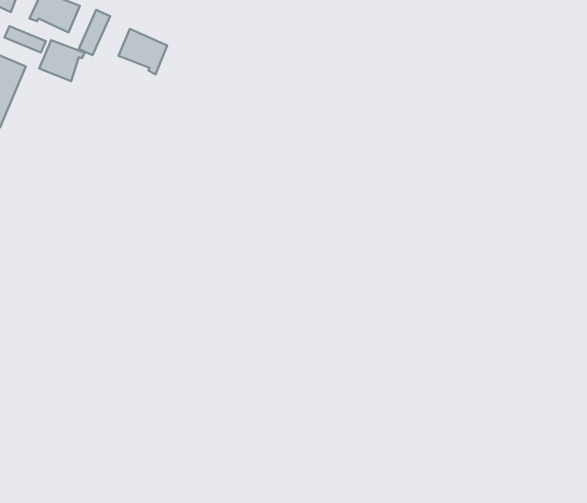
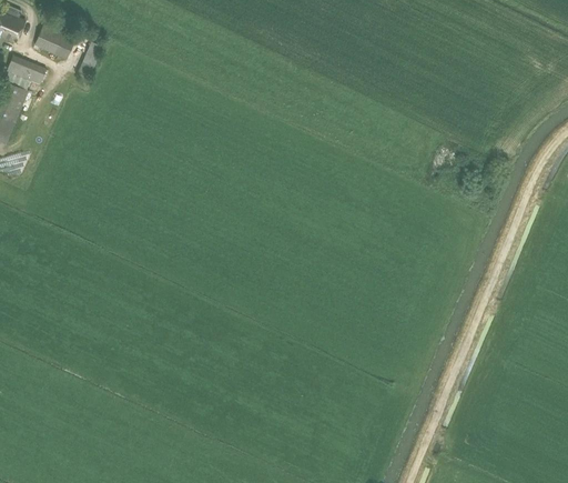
building: [118,29,167,74] -> none
building: [39,40,85,81] -> none

